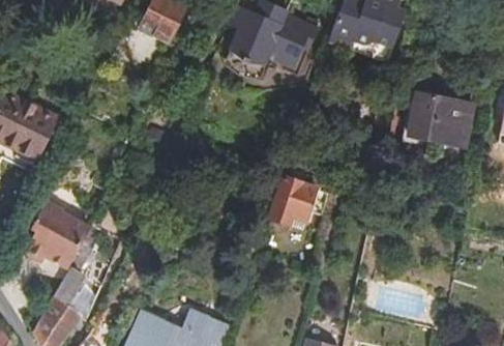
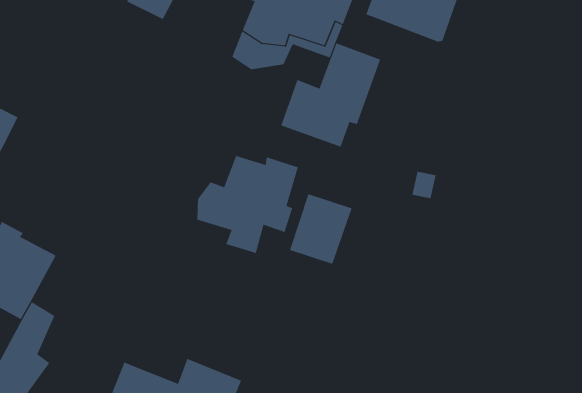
building: none -> [280,42,381,147]
building: [411,87,475,143] -> none
building: none -> [197,155,299,254]

